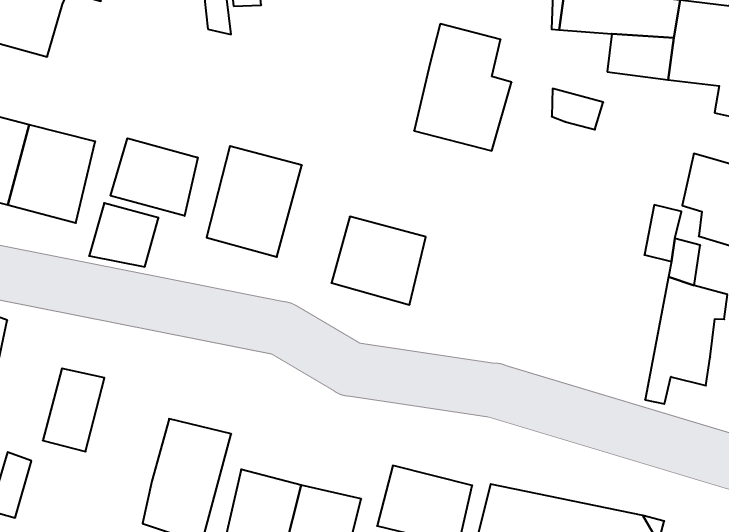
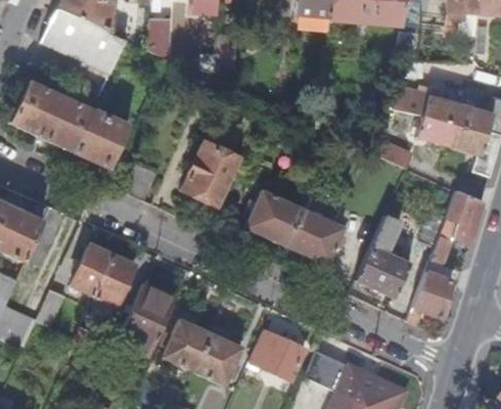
building: [414,24,512,151] -> [286,189,345,264]
building: [111,138,198,216] -> none
building: none -> [356,213,411,297]
building: none -> [94,257,134,306]

